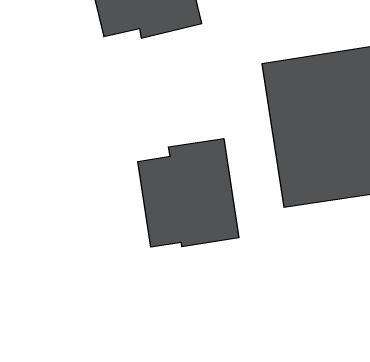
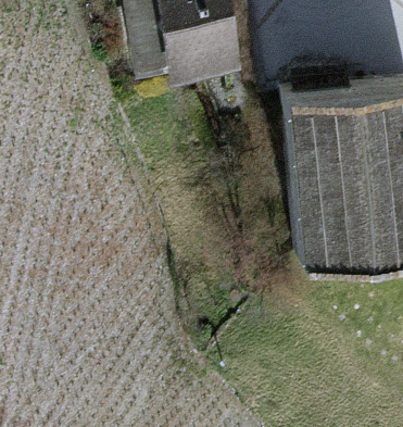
building: [138,139,239,247] -> none

